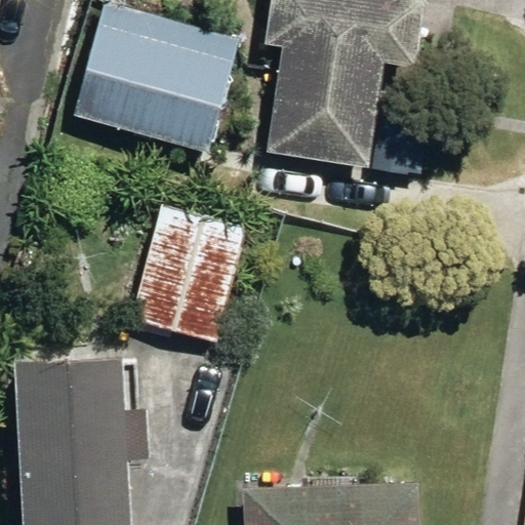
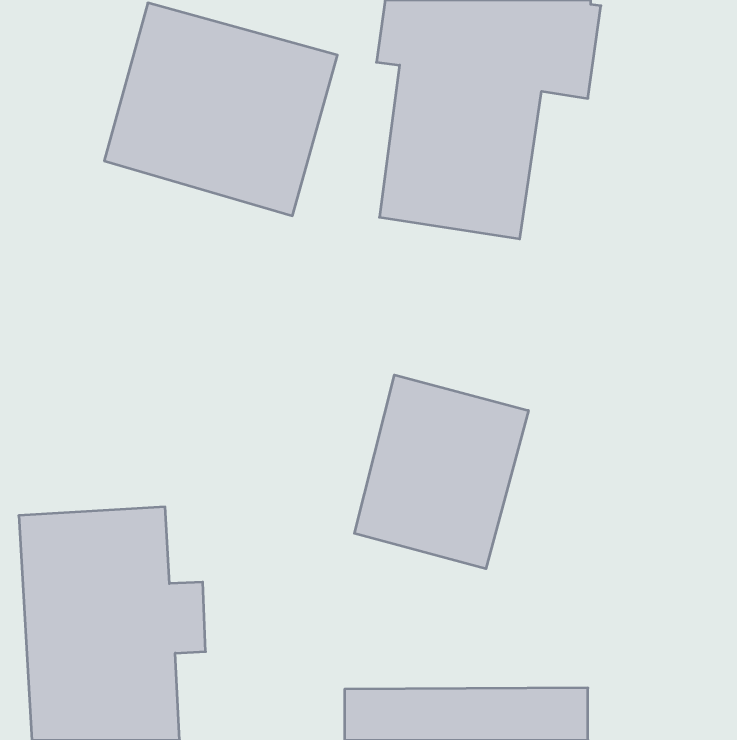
building: [129,203,247,346] -> none
building: none -> [354,375,528,569]

